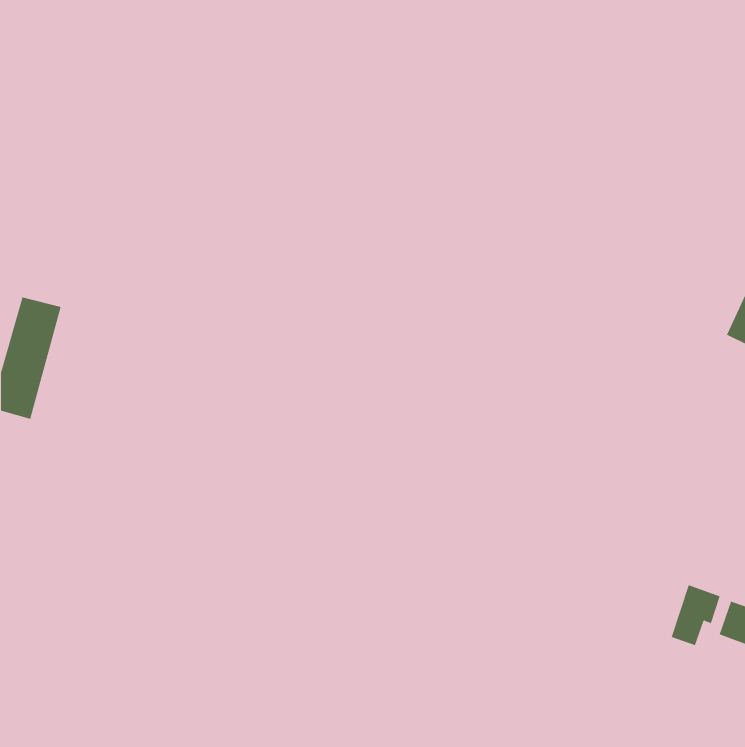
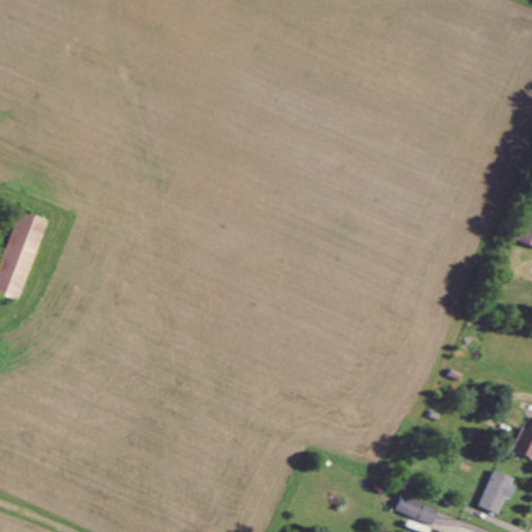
building: [671,584,720,646] -> [481,470,516,513]
building: none -> [397,495,440,525]

